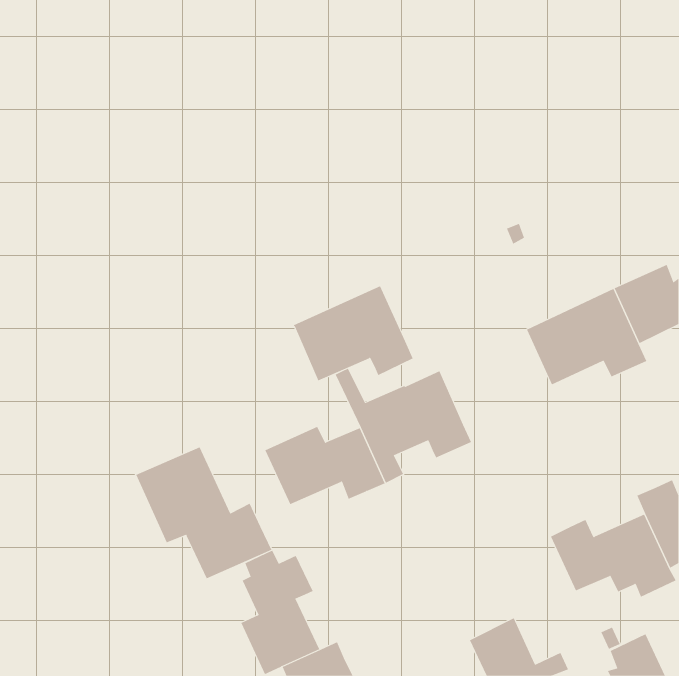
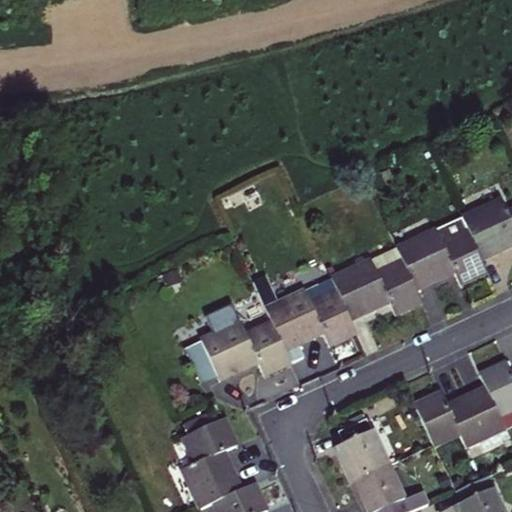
building: [293,285,414,381] -> [330,248,421,320]
building: [136,446,272,579] -> none
building: none -> [331,419,387,482]

